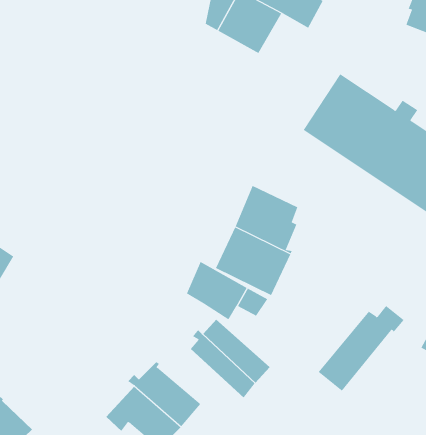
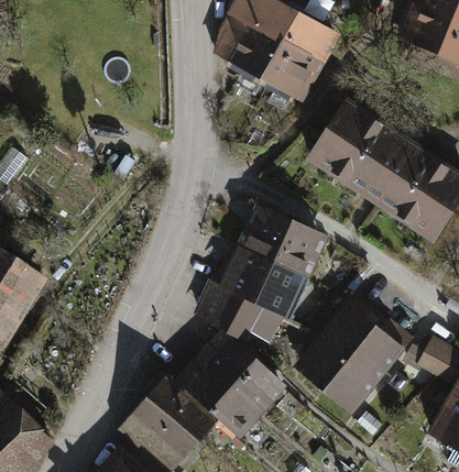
building: none -> [271,46,325,99]
building: none -> [305,312,375,388]
building: none -> [181,366,256,436]

